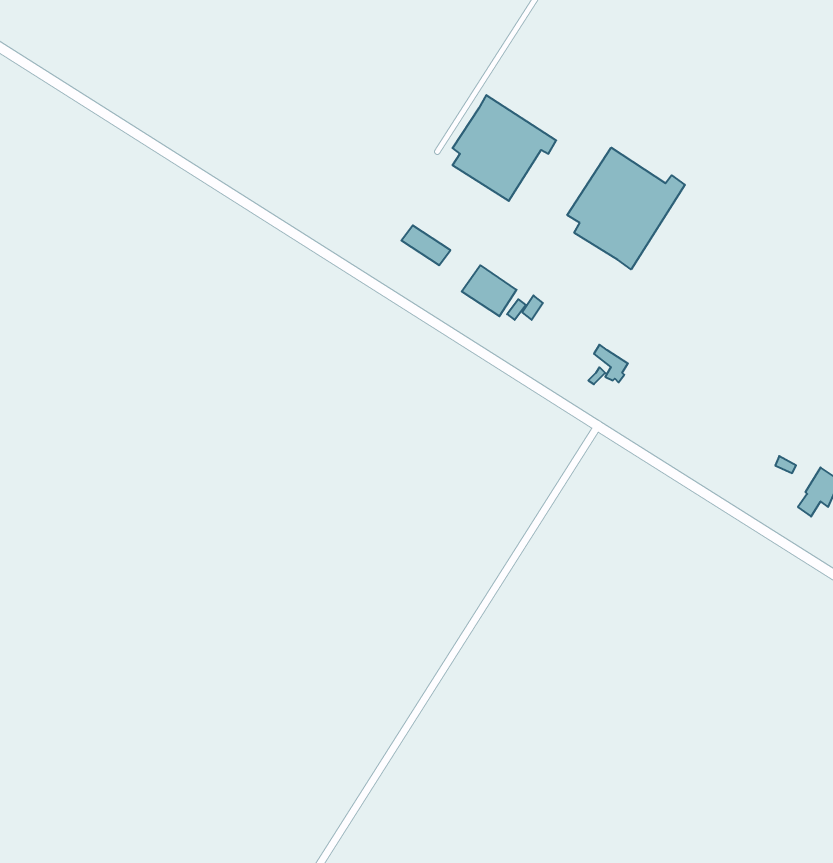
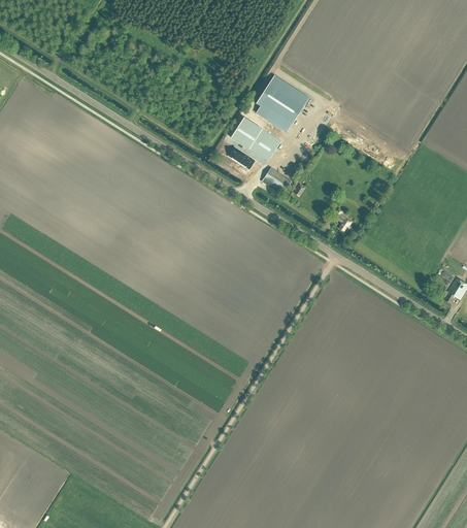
building: [567,148,685,269] -> none
building: none -> [231,117,279,161]

